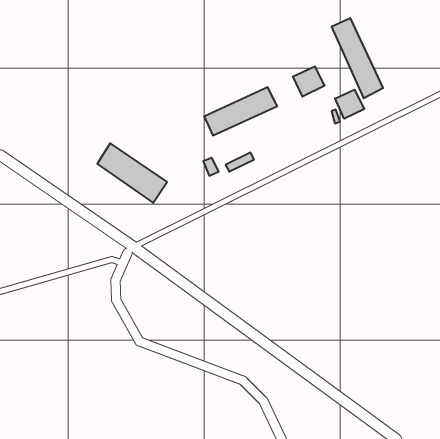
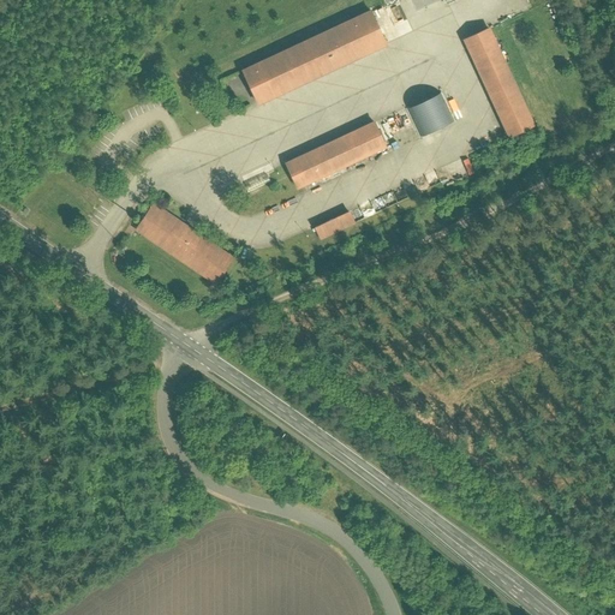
building: none -> [240,11,387,107]
building: [335,90,364,119] -> none

